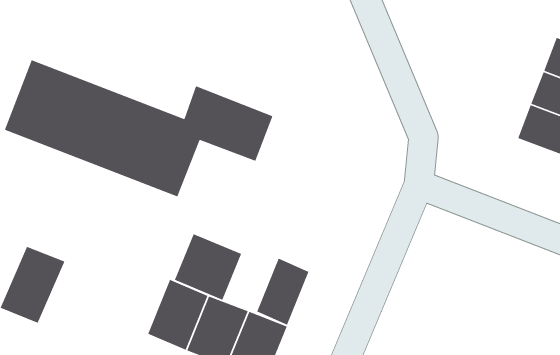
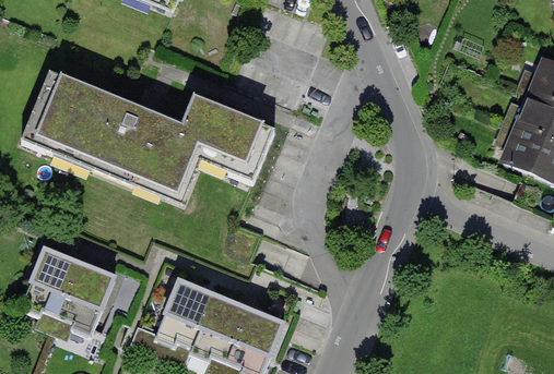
building: [174,233,242,301] -> none
building: [256,257,310,326] -> none
building: none -> [56,261,116,334]

